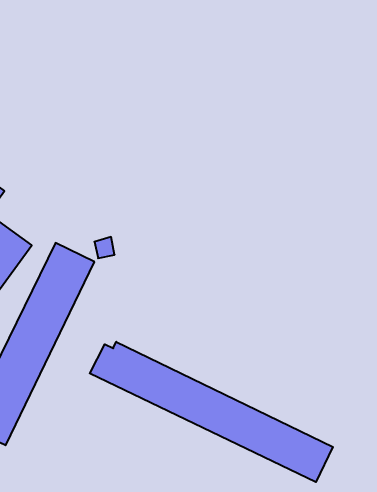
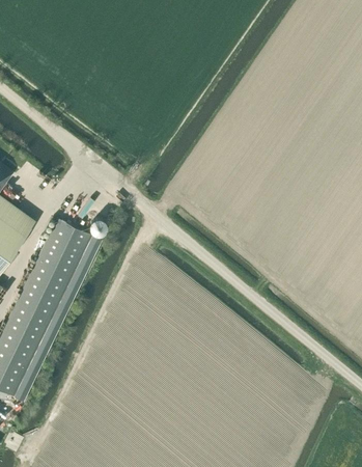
building: [90,342,333,482] -> none

